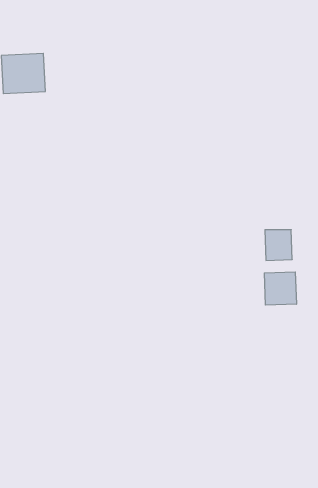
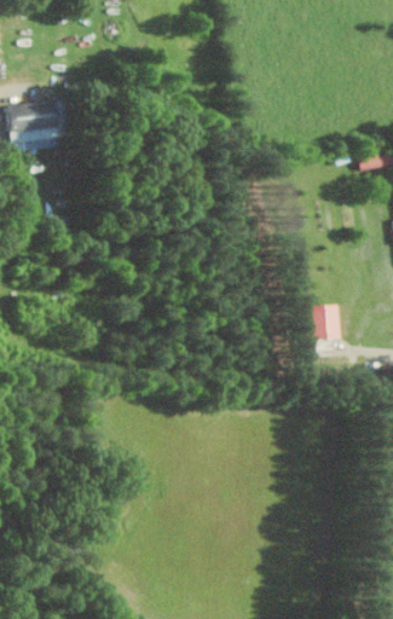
building: [264,272,296,305] -> none

